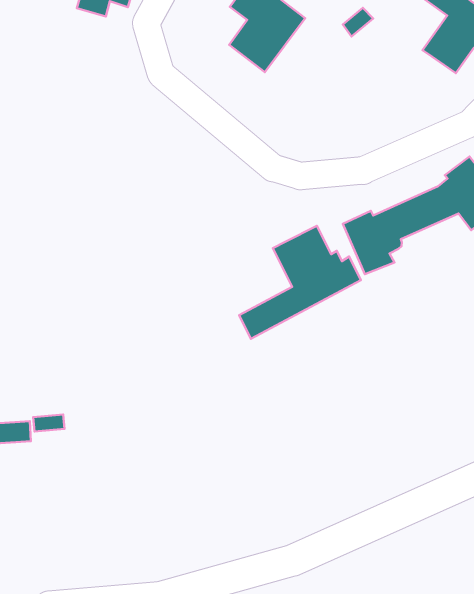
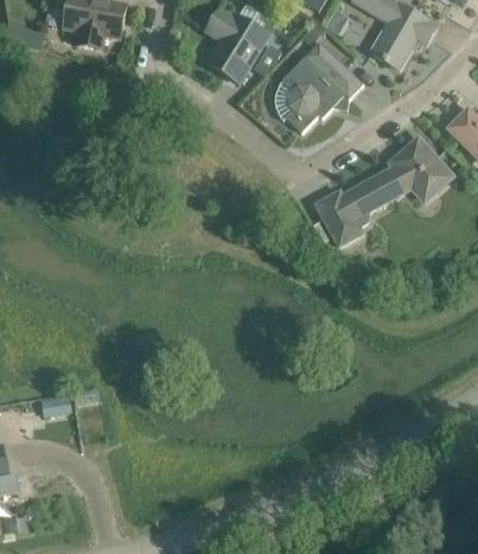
building: none -> [274,40,362,132]
building: [239,226,361,339] -> none

